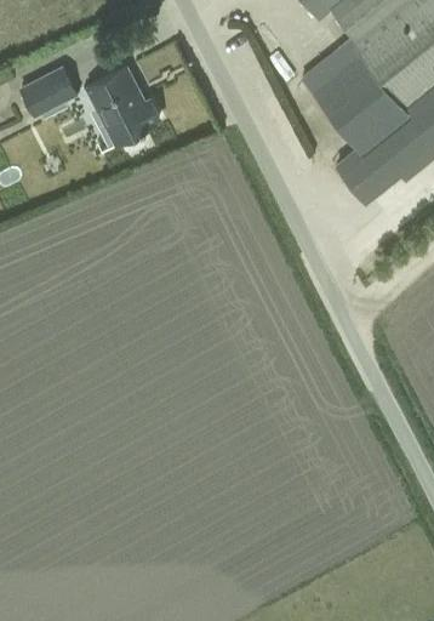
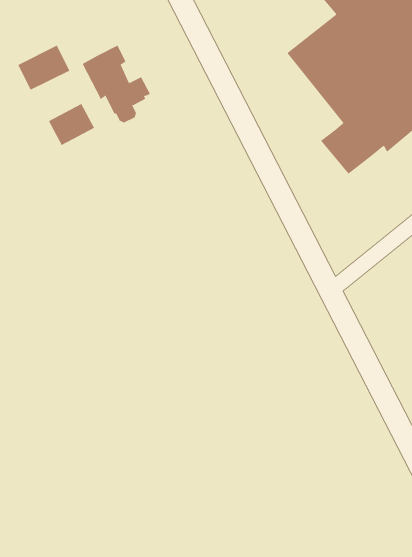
building: none -> [48,103,95,146]

